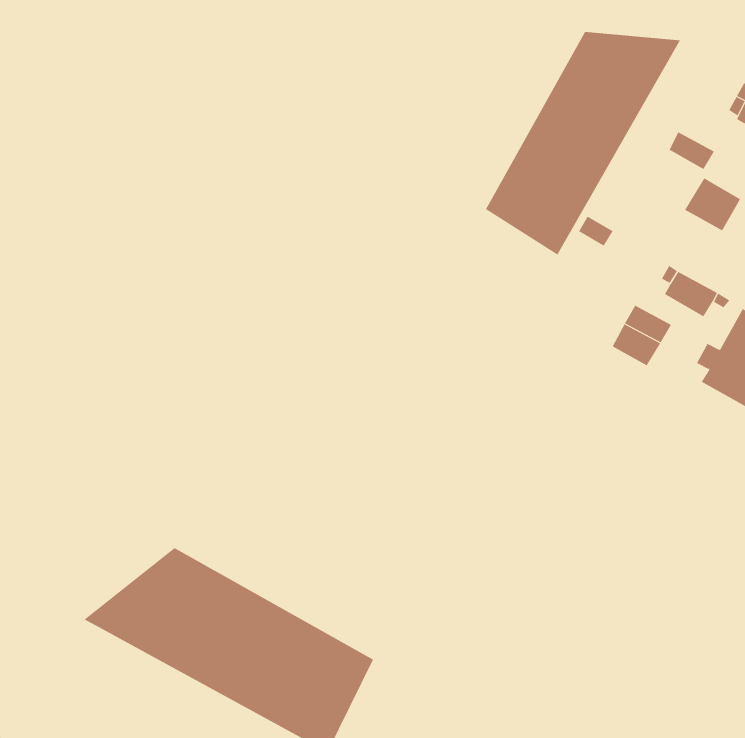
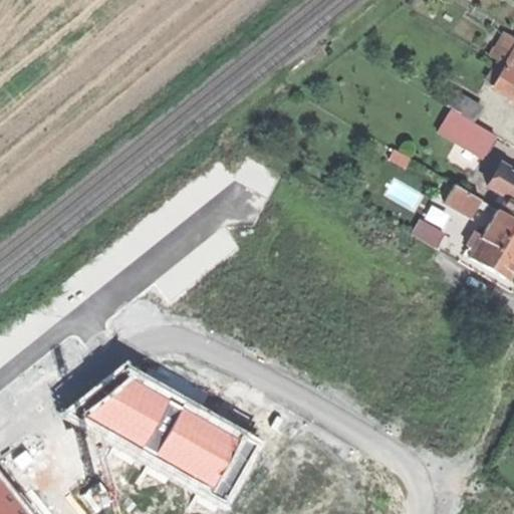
building: [485,31,681,256] -> none

